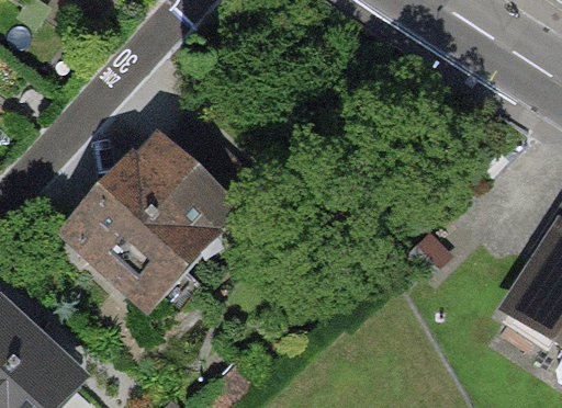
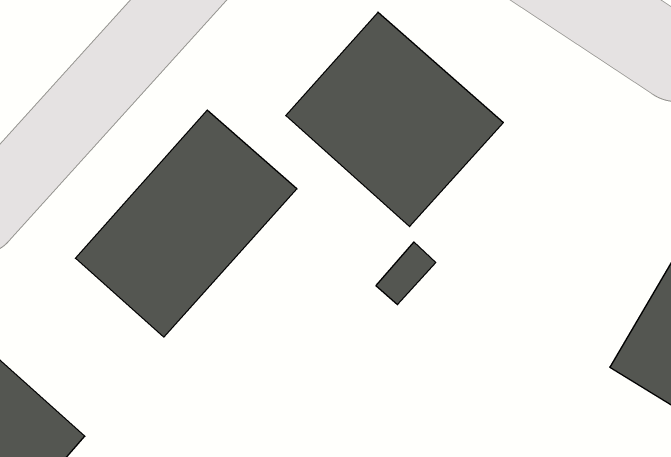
building: none -> [286,12,503,227]

